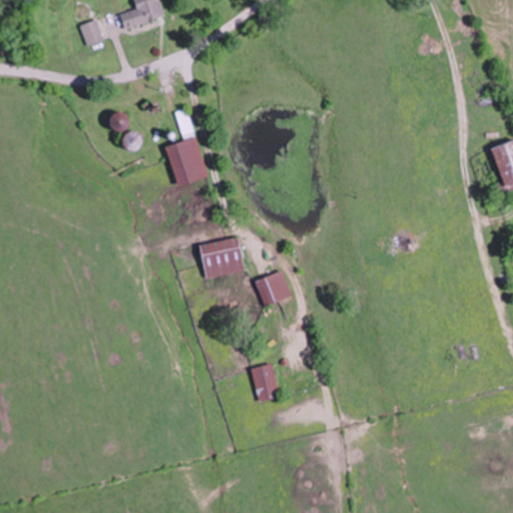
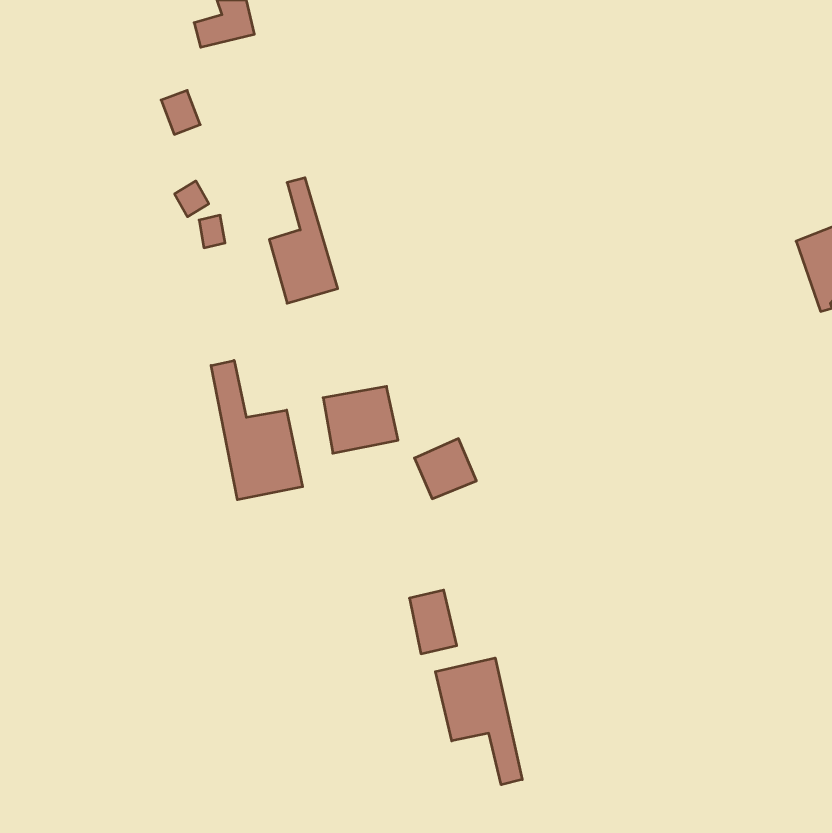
building: [81,19,105,46] -> [161,90,200,134]
building: none -> [211,360,303,500]
building: none -> [435,658,522,785]

